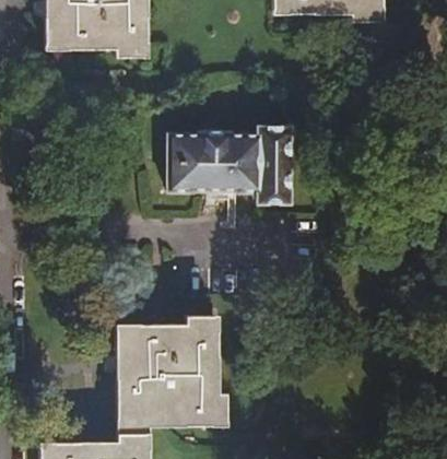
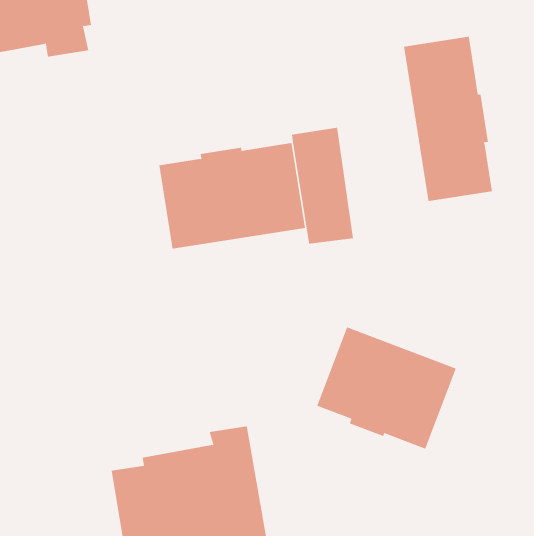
building: none -> [404,36,492,202]
building: none -> [316,326,457,449]

